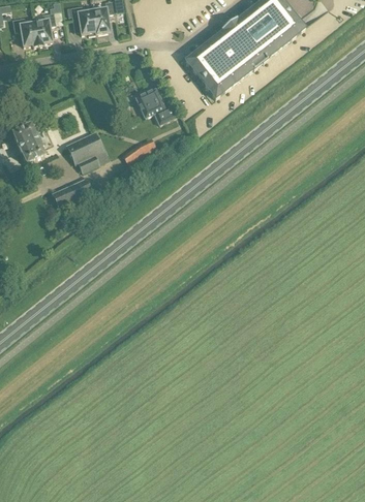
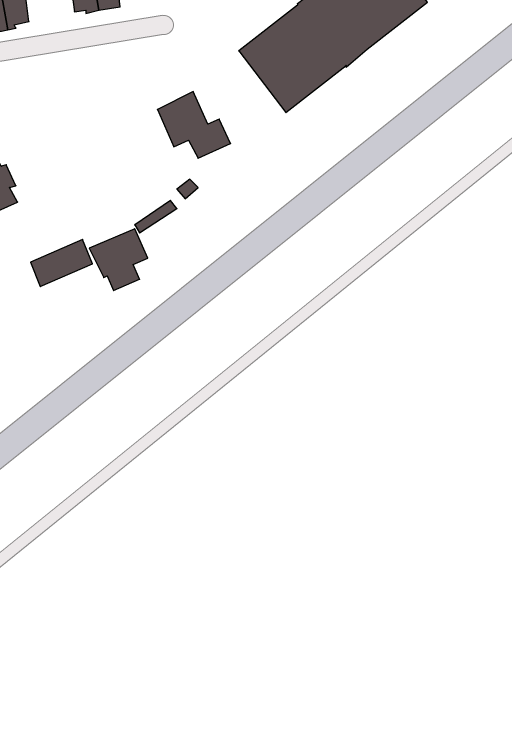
building: [66,131,103,170] -> [89,229,148,291]

